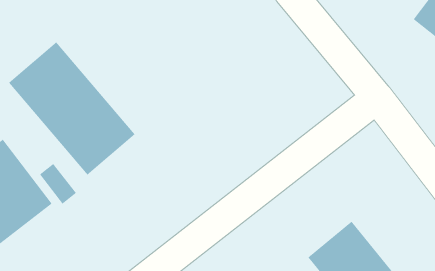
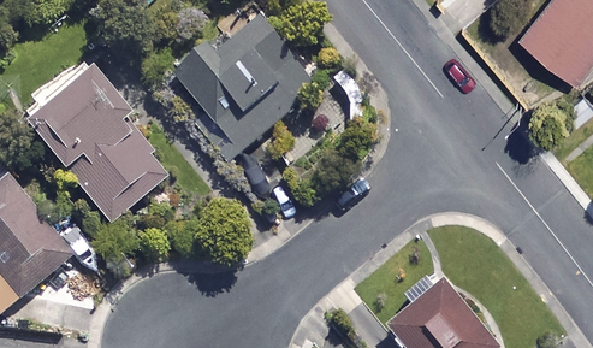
building: none -> [168,20,312,163]

